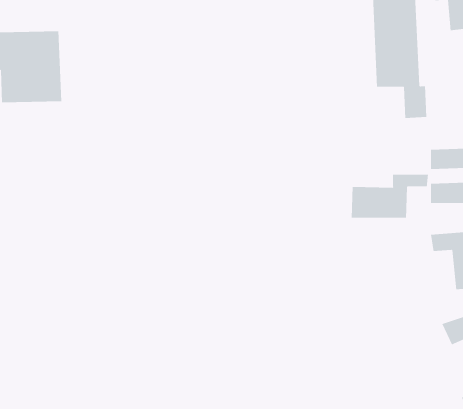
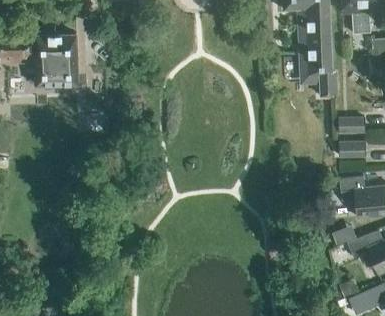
building: [351,174,429,219] -> none

